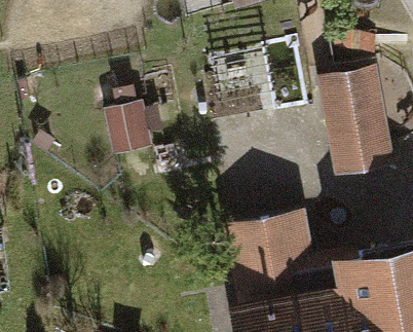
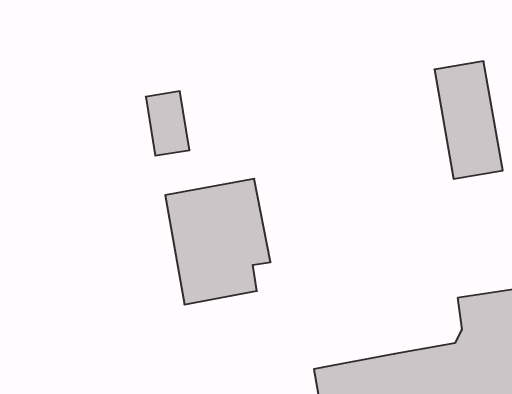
building: [231,214,310,308] -> [165,179,271,305]

